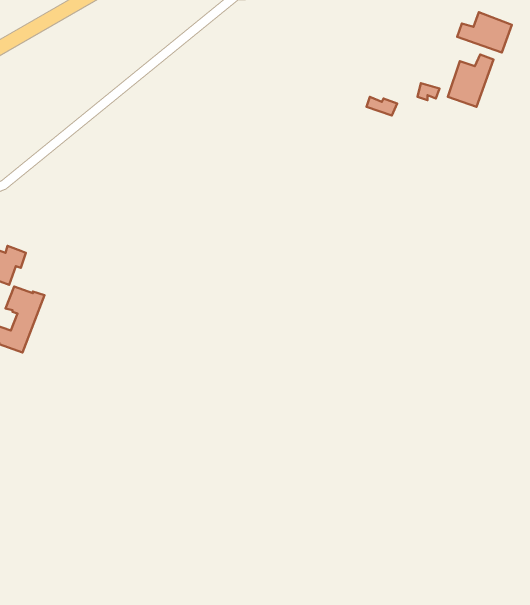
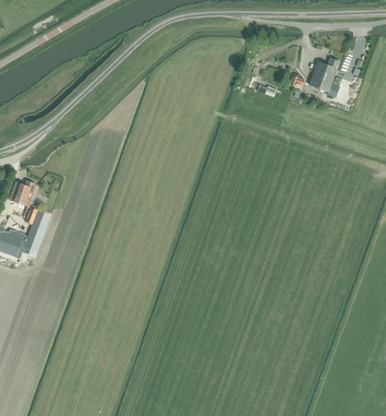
building: [457,12,512,53] -> none

